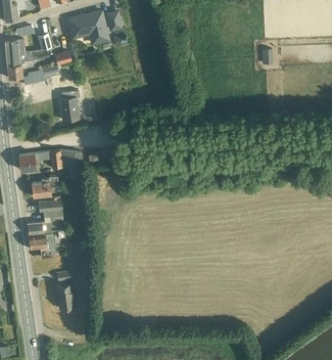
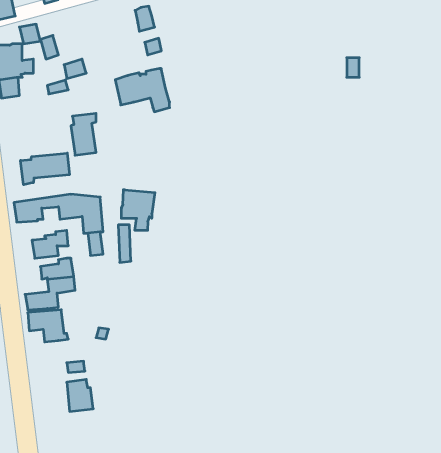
building: [68,11,108,43] -> [115,69,170,112]
building: none -> [21,153,69,185]
building: none -> [121,190,155,230]

